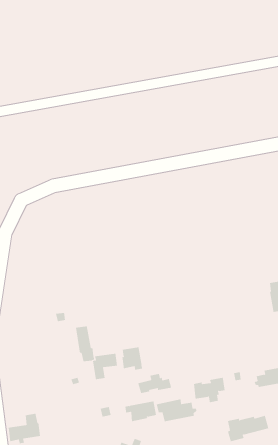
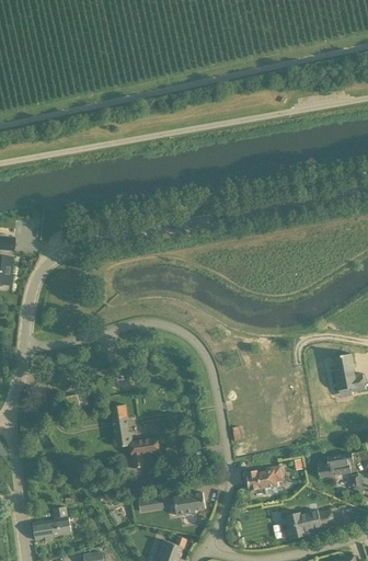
building: [122,347,143,371] -> none
building: [137,373,172,394] -> none
building: [156,399,197,422] -> none

